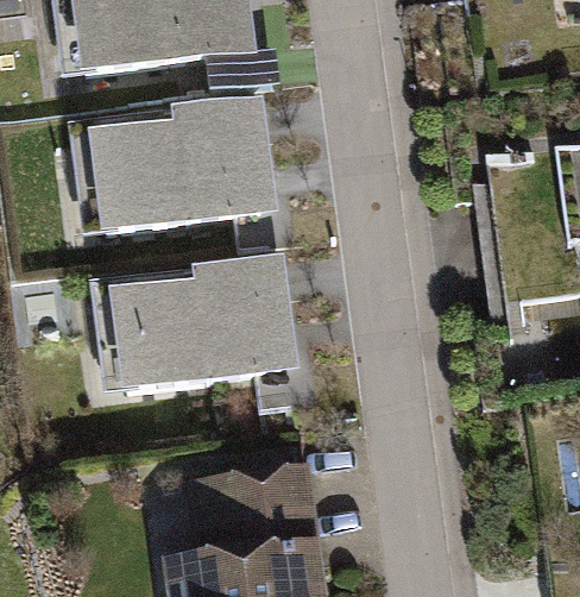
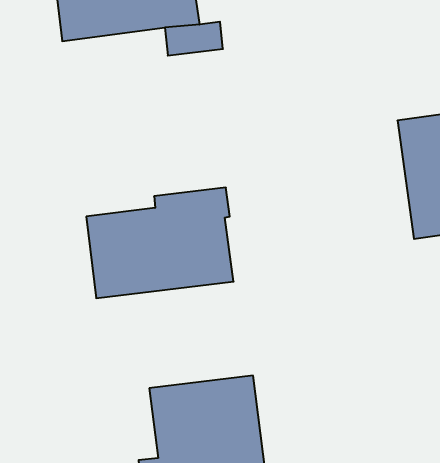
building: [88,95,269,231] -> none

